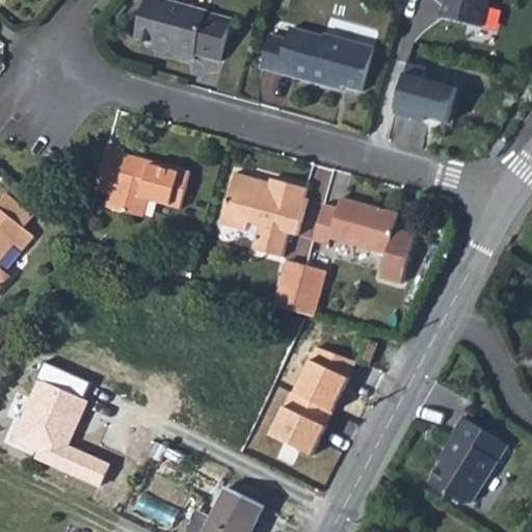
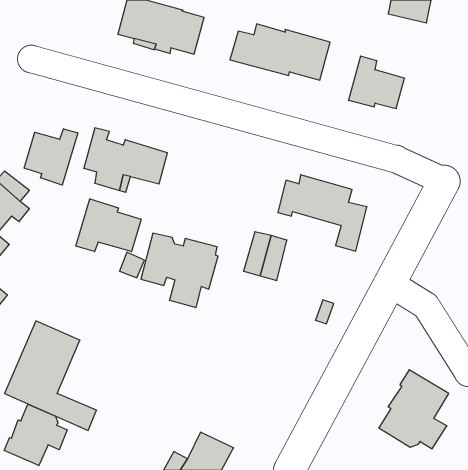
building: none -> [24,129,78,185]
building: [220,172,308,257] -> [141,233,218,308]
building: none -> [76,199,141,252]
building: [268,344,353,454] -> none
building: none -> [4,404,67,466]

